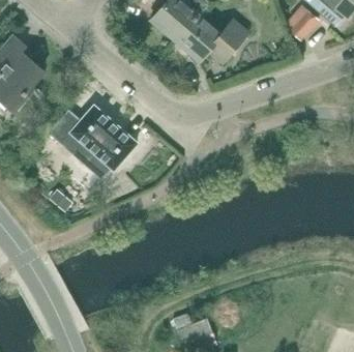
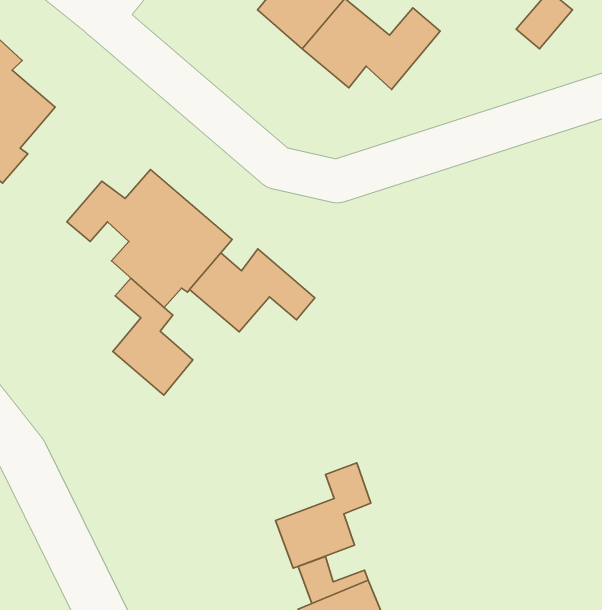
building: none -> [189,249,315,332]
building: none -> [113,278,193,395]
building: none -> [276,463,371,568]

